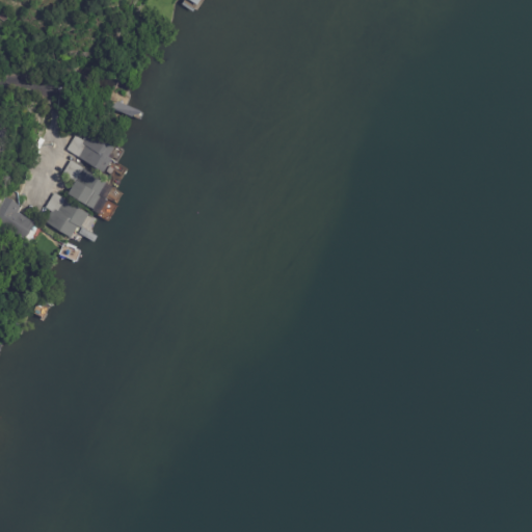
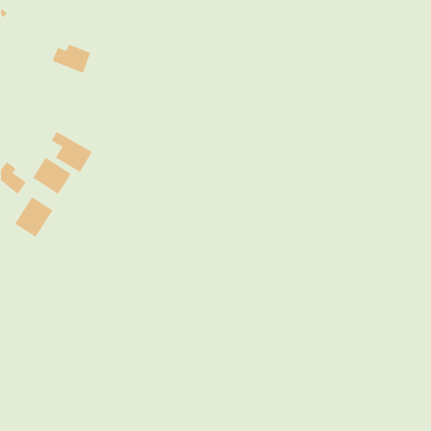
building: [66,132,115,169] -> [51,43,91,74]
building: none -> [14,196,54,238]

